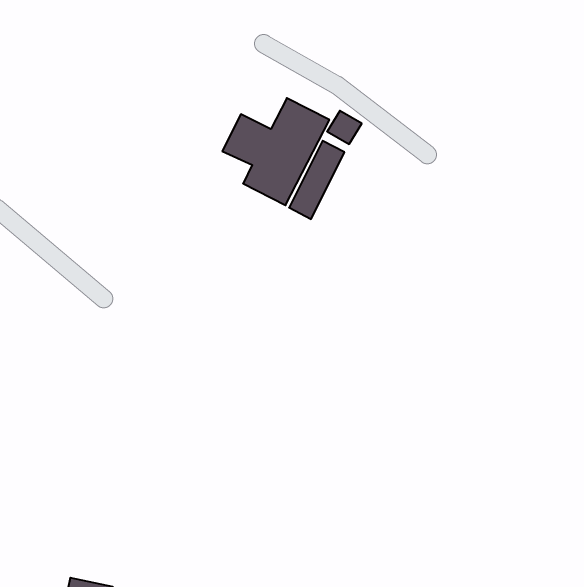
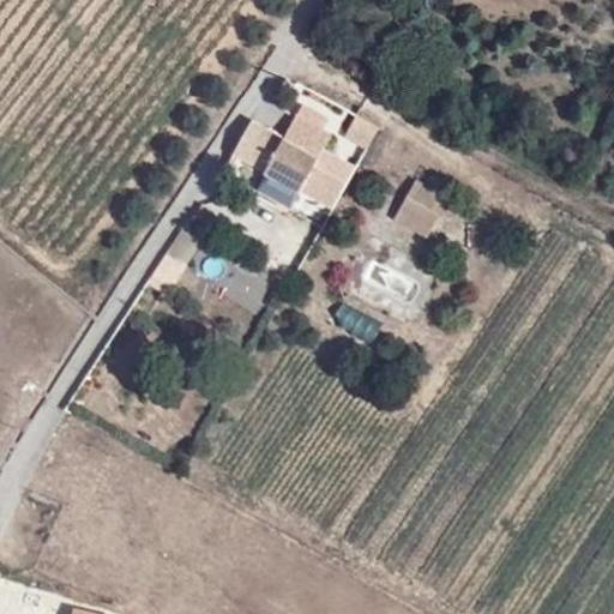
building: none -> [392,180,449,240]

